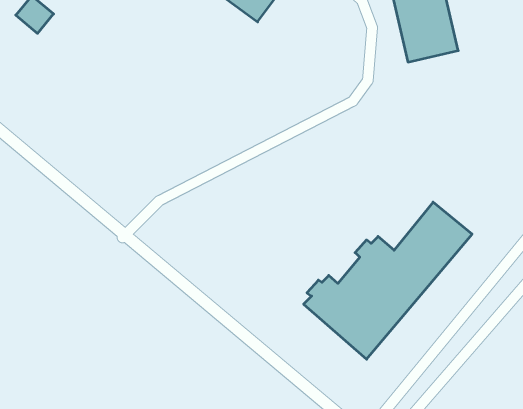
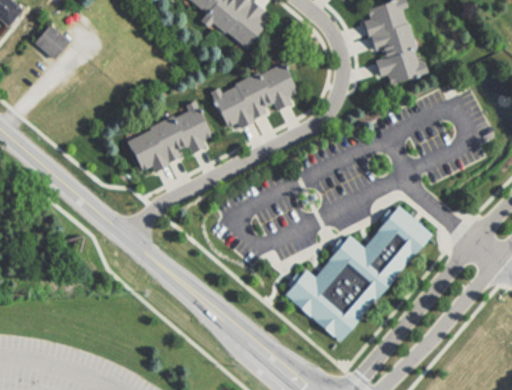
building: none -> [209,60,299,132]
building: none -> [124,107,214,174]

